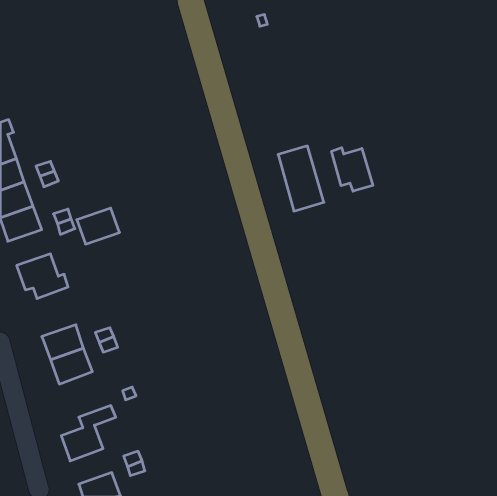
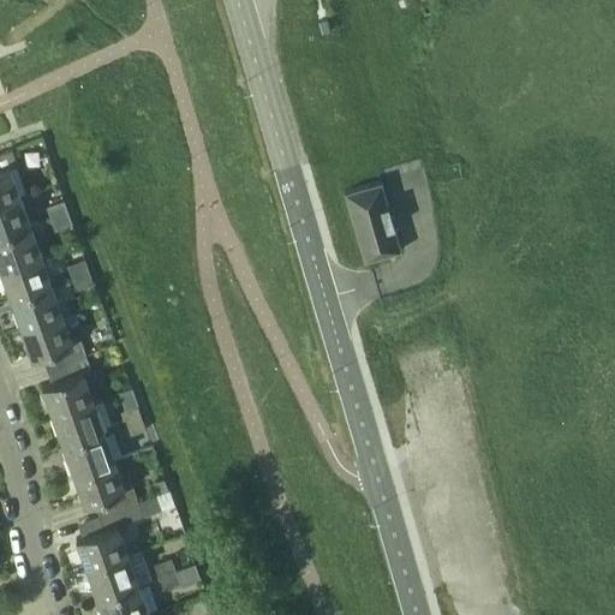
building: [332,148,373,191] -> none
building: [77,208,120,244] -> [10,285,62,329]
building: none -> [41,356,94,417]
building: none -> [73,460,137,517]
building: none -> [86,555,138,599]

